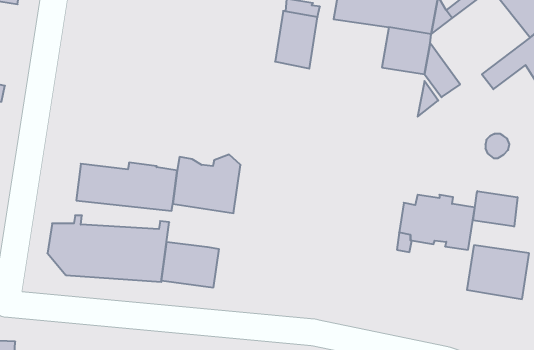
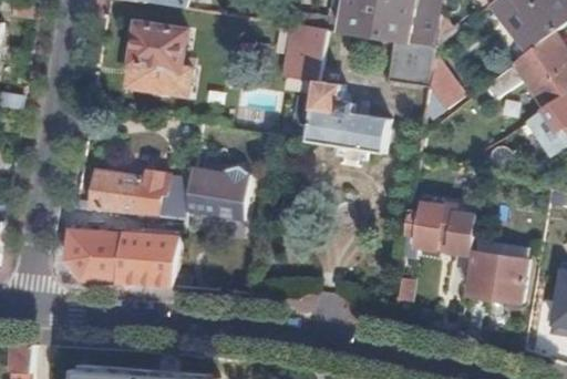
building: none -> [128,24,189,93]
building: none -> [306,80,386,152]
building: [473,191,517,227] -> none
building: [161,242,219,288] -> none

